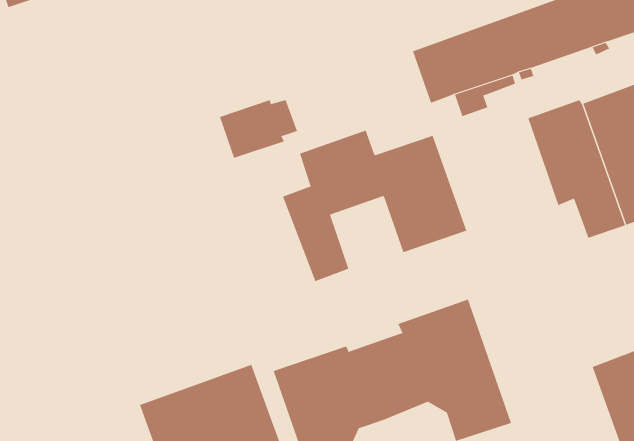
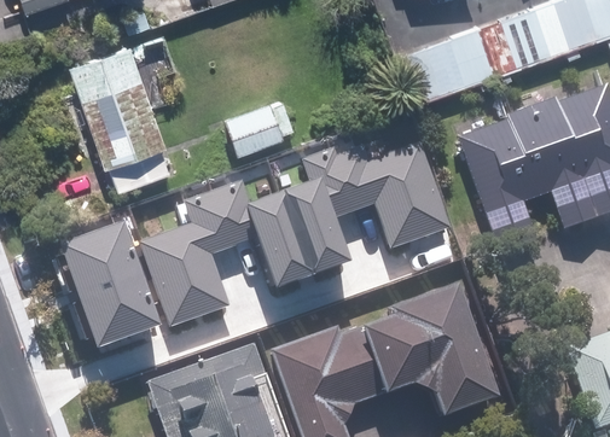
building: none -> [68,45,170,193]
building: none -> [458,118,535,250]
building: none -> [141,170,312,325]
building: none -> [64,220,162,342]

